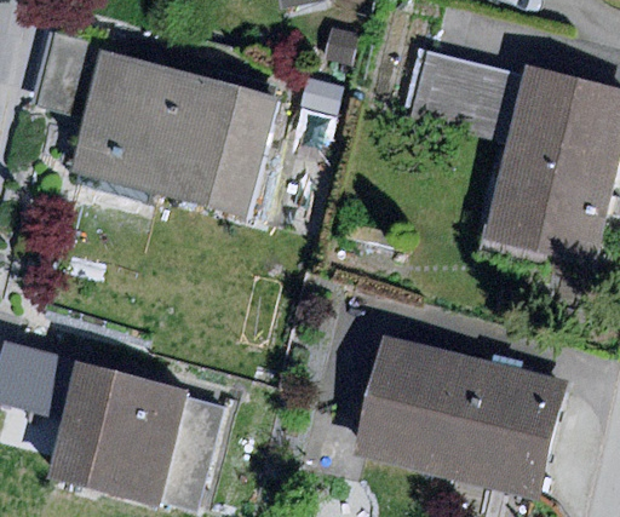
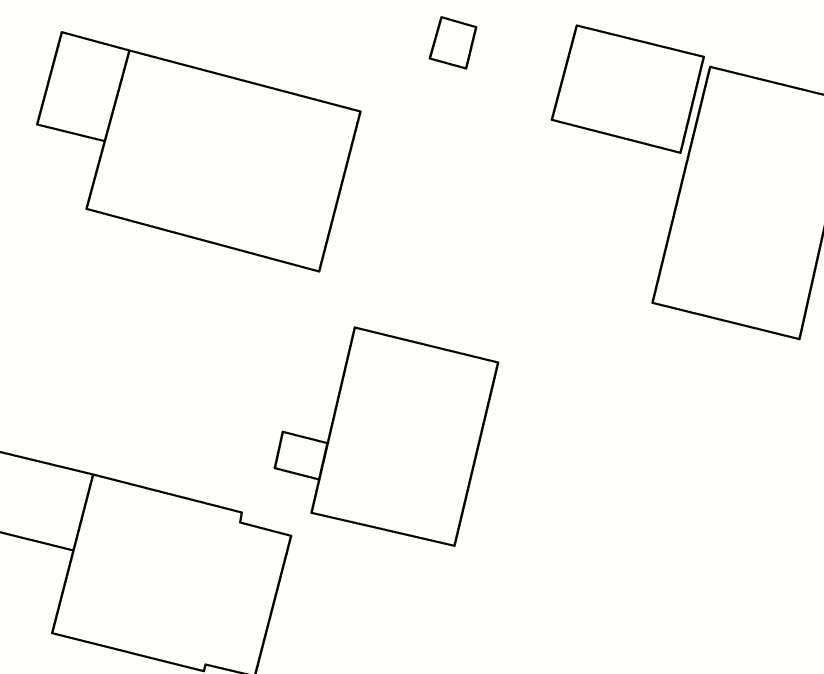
building: none -> [312,328,498,546]
building: [357,337,562,496] -> none

